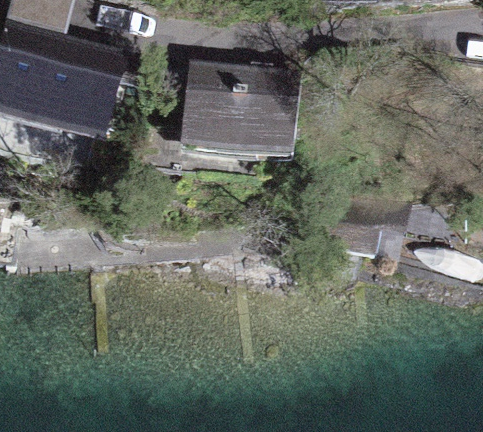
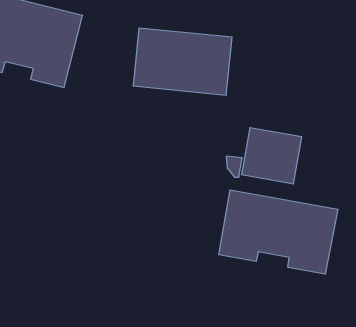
building: none -> [219,190,338,274]

